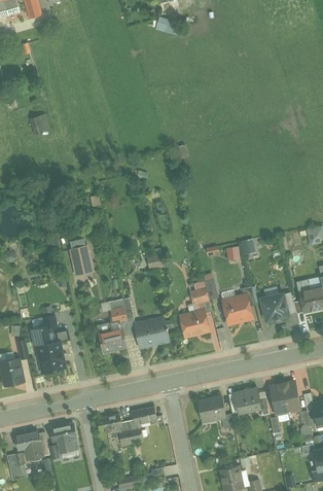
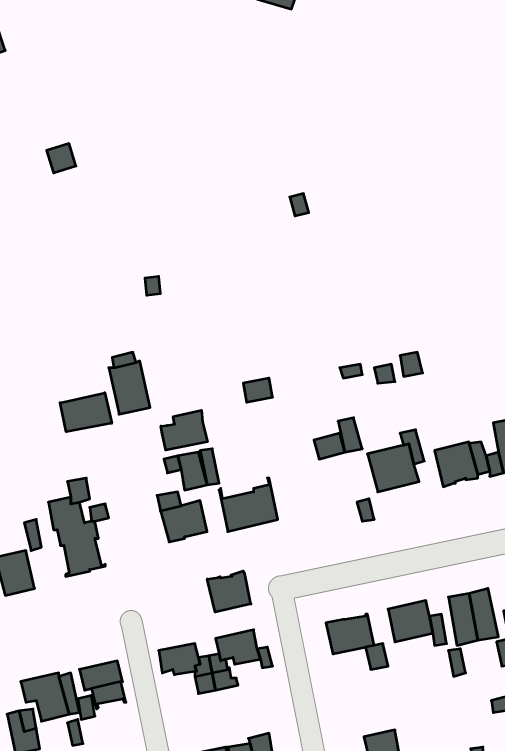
building: none -> [60,393,112,432]
building: none -> [161,410,207,450]
building: [179,310,208,337] -> none
building: none -> [207,571,251,612]

